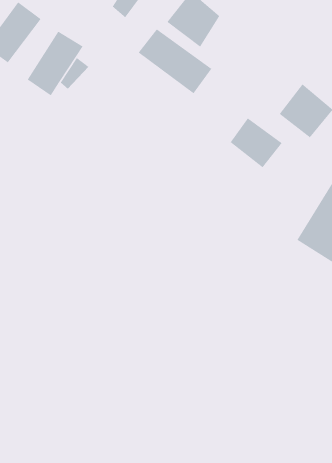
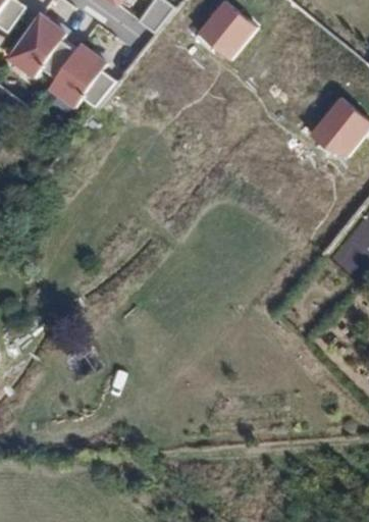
building: [138,28,212,94] -> none
building: [230,118,282,168] -> none

